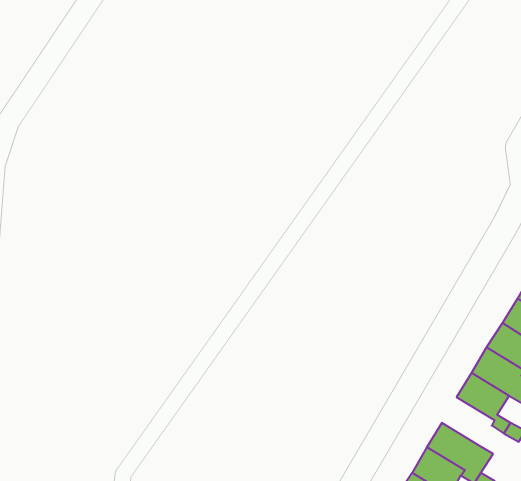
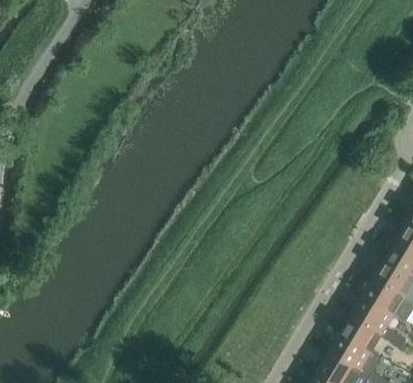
building: none -> [342,315,382,351]

